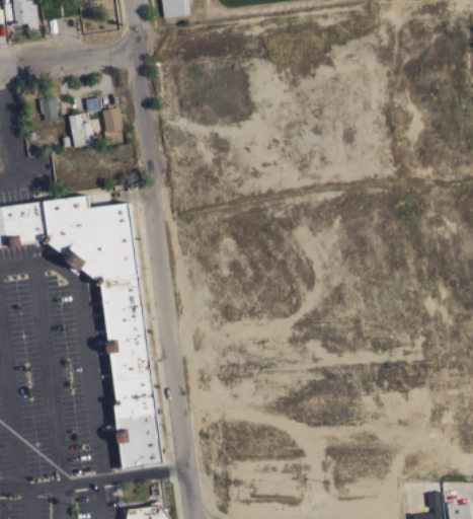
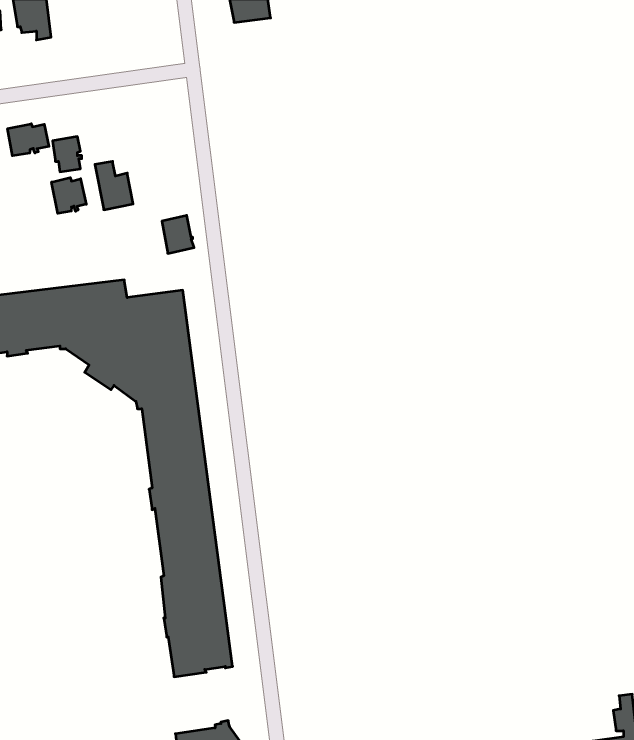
building: none -> [8,124,49,156]
building: [101,106,124,133] -> [162,215,194,253]
building: none -> [52,178,86,213]

